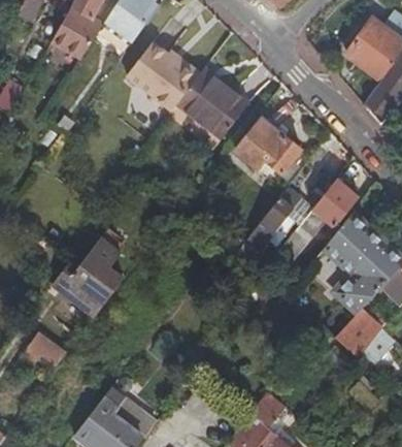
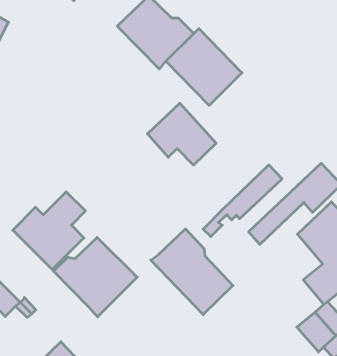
building: [235,118,301,174] -> [147,103,216,165]
building: none -> [151,229,233,315]
building: none -> [53,237,137,317]

